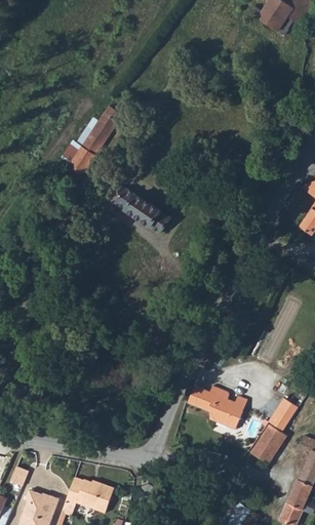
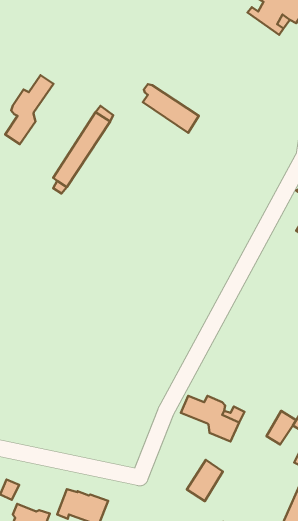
building: none -> [5,75,53,144]
building: [115,187,169,234] -> [143,84,199,133]
building: [251,427,286,467] -> [187,460,223,501]

